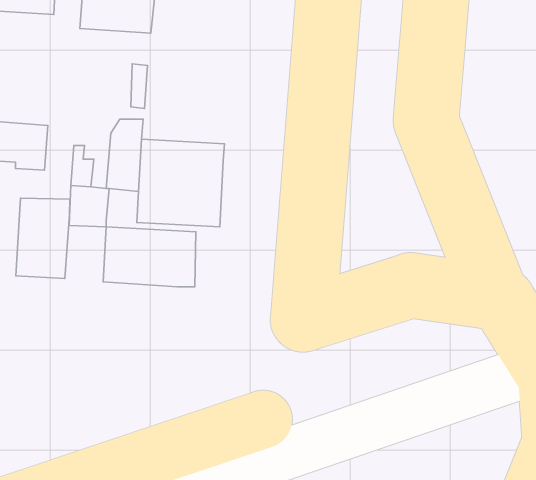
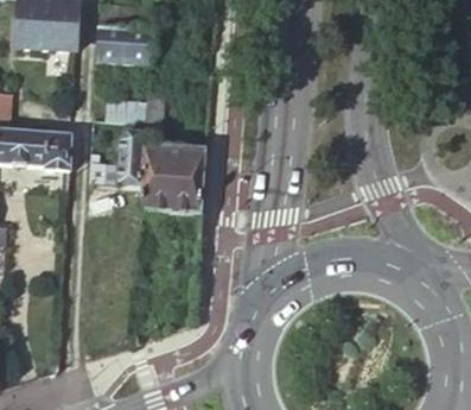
building: [16,198,70,279] -> none
building: [103,227,196,287] -> none

